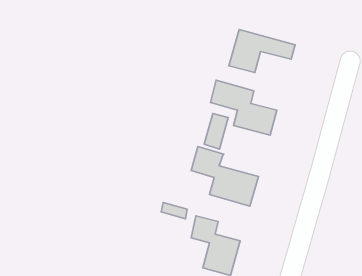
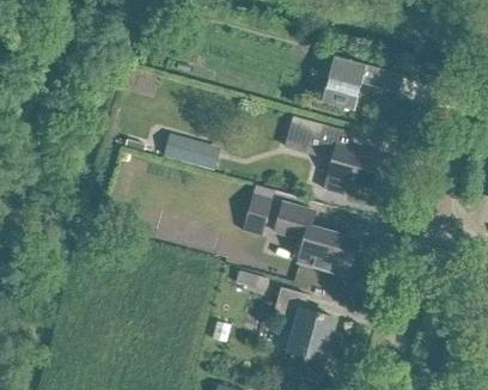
building: none -> [163,133,220,170]
building: [204,114,228,149] -> [242,193,272,237]

